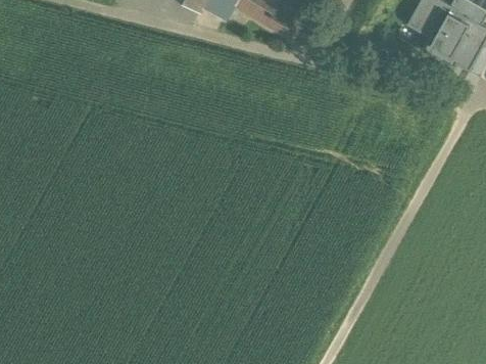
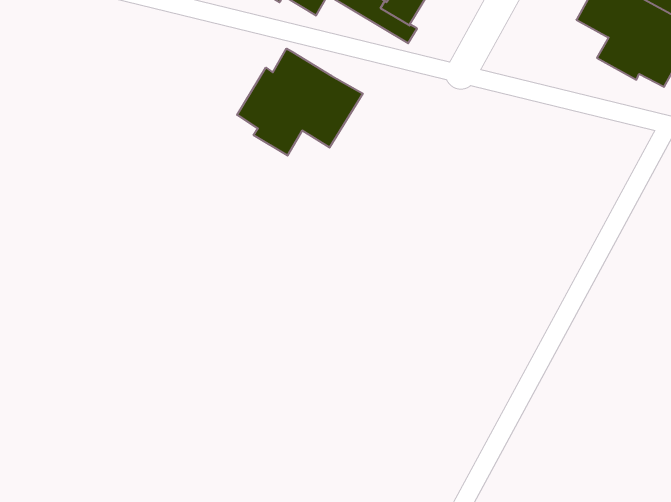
building: none -> [237,49,363,156]

